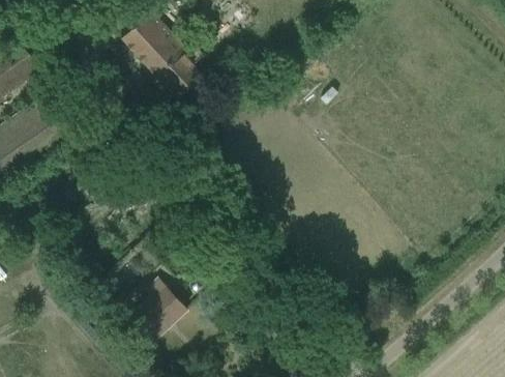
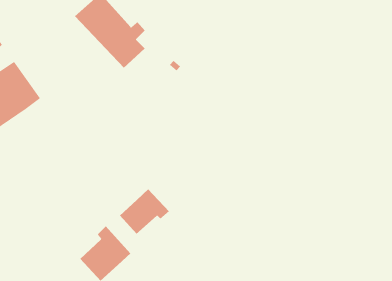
building: none -> [119,189,170,234]

